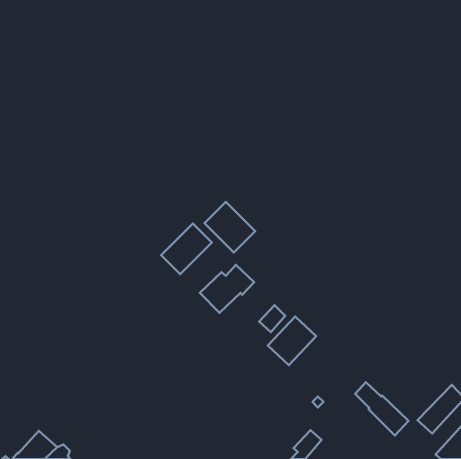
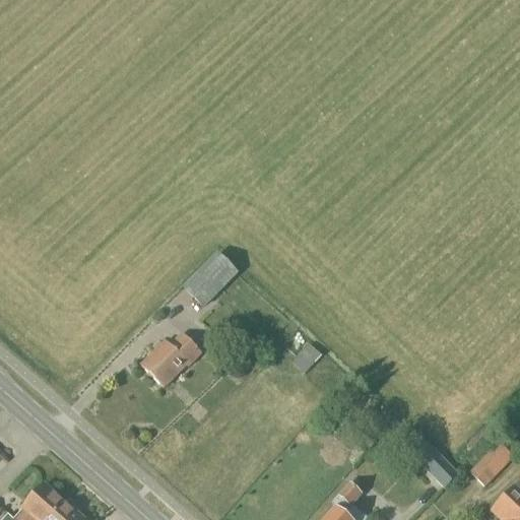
building: [205,202,255,252] -> none
building: [200,265,254,313] -> [141,333,202,387]
building: [268,317,316,365] -> none

